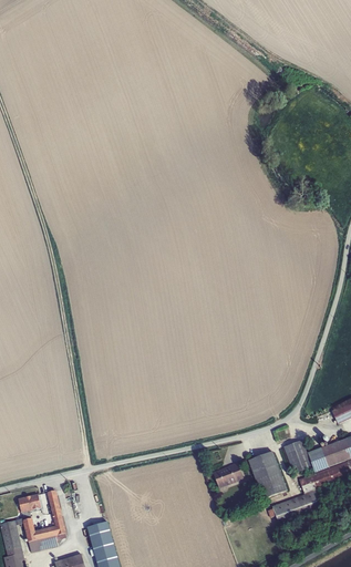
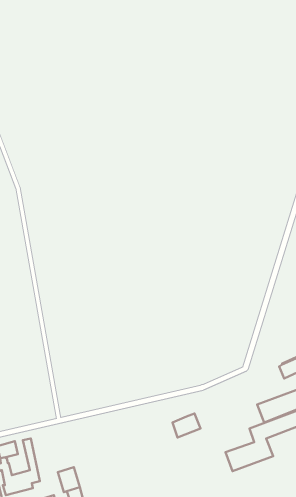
building: [282,440,312,473] -> none
building: [248,451,287,498] -> none

